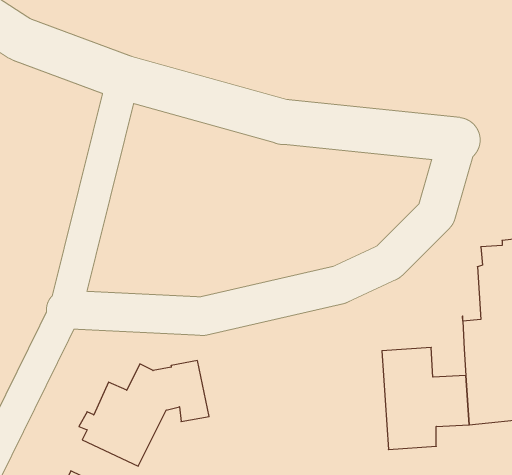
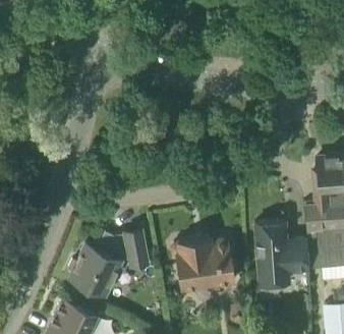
building: none -> [172,237,237,290]

